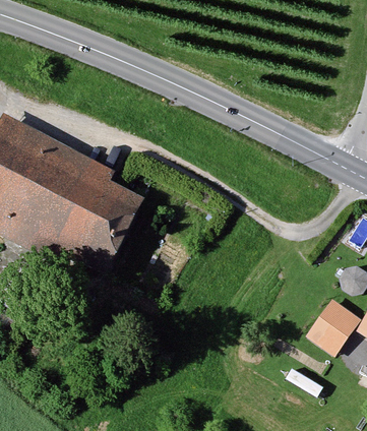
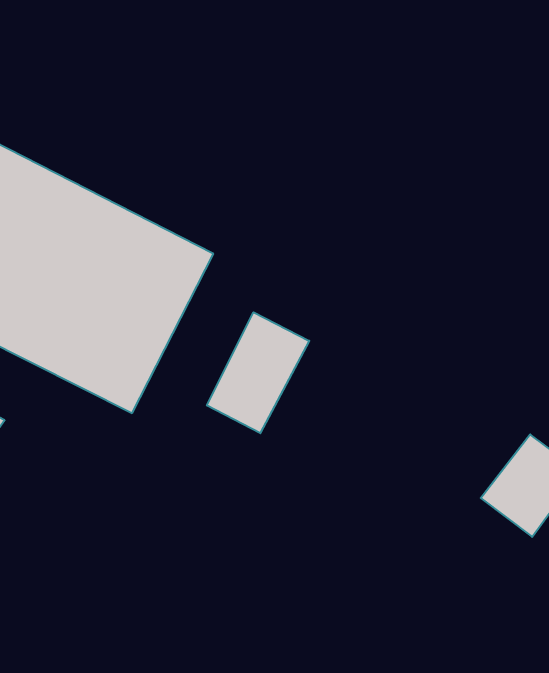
building: none -> [207,312,309,433]

